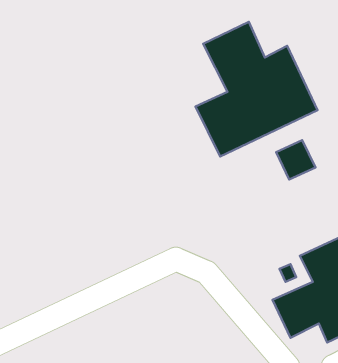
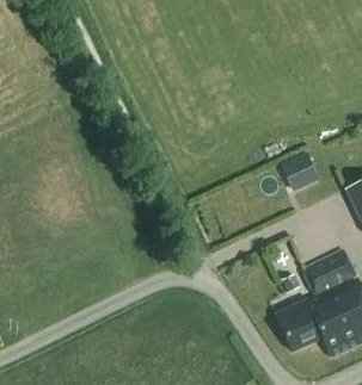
building: [195,22,317,157] -> none

